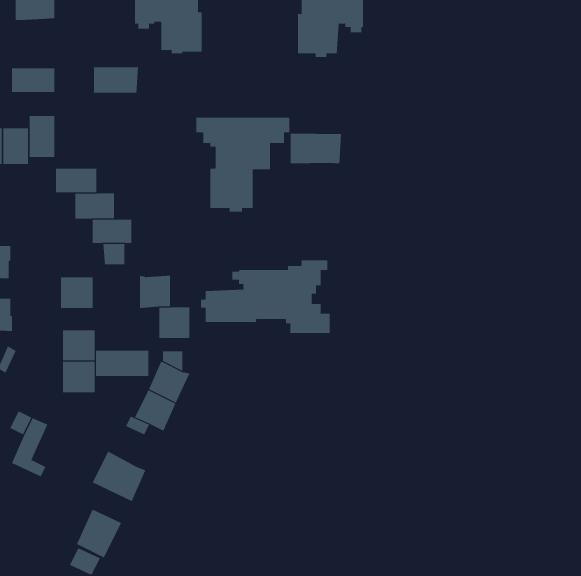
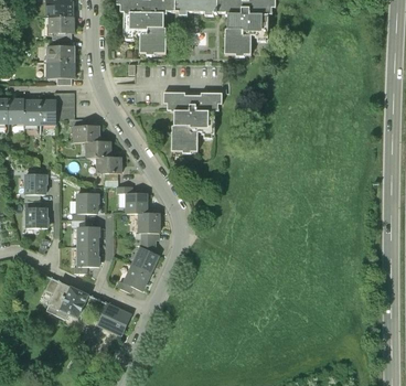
building: [93,67,139,93] -> [46,46,75,63]
building: [290,133,342,164] -> none
building: [201,259,330,334] -> none
building: [95,350,149,377] -> none
building: [76,509,122,558] -> [60,287,88,318]

